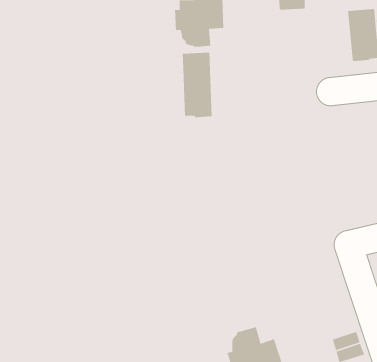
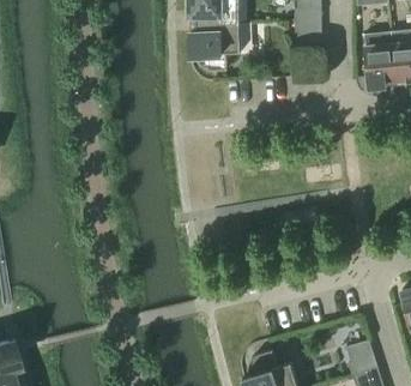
building: [182,52,213,118] -> none

